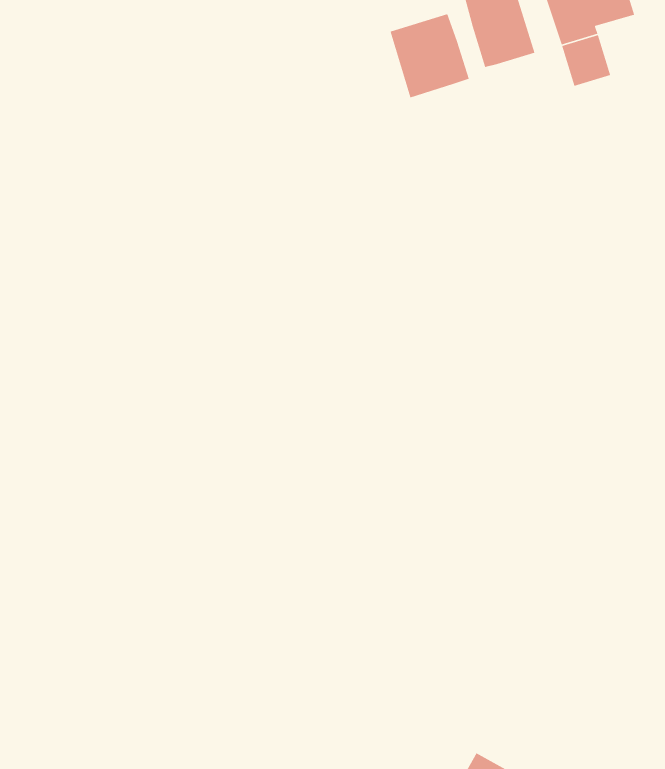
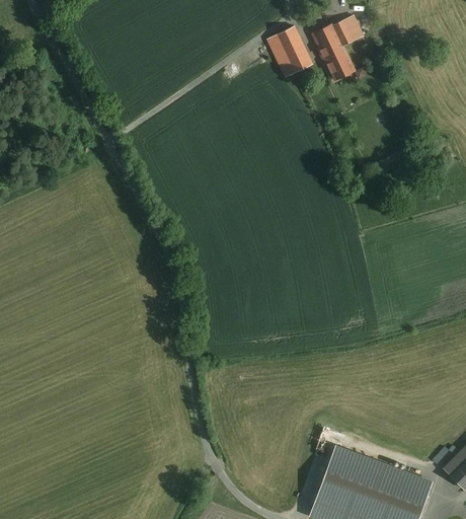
building: [390,13,470,98] -> none

